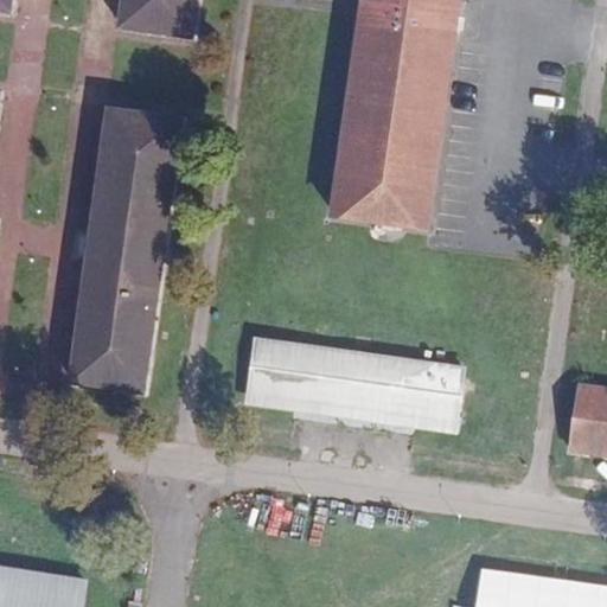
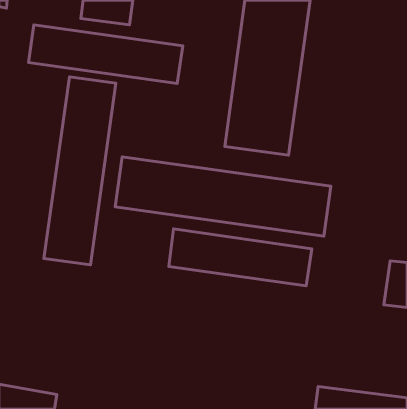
building: none -> [29,25,183,84]
building: none -> [115,157,331,236]

